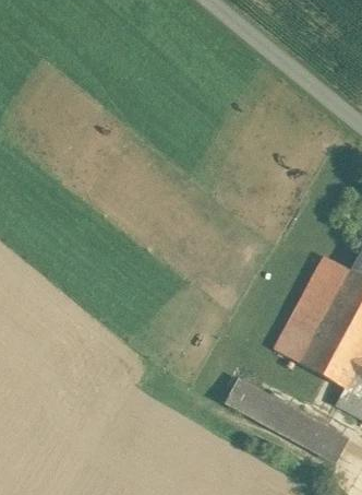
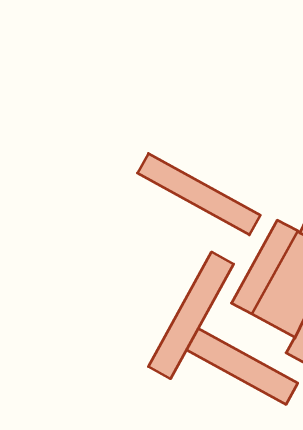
building: none -> [137,153,260,235]
building: none -> [148,252,234,379]

